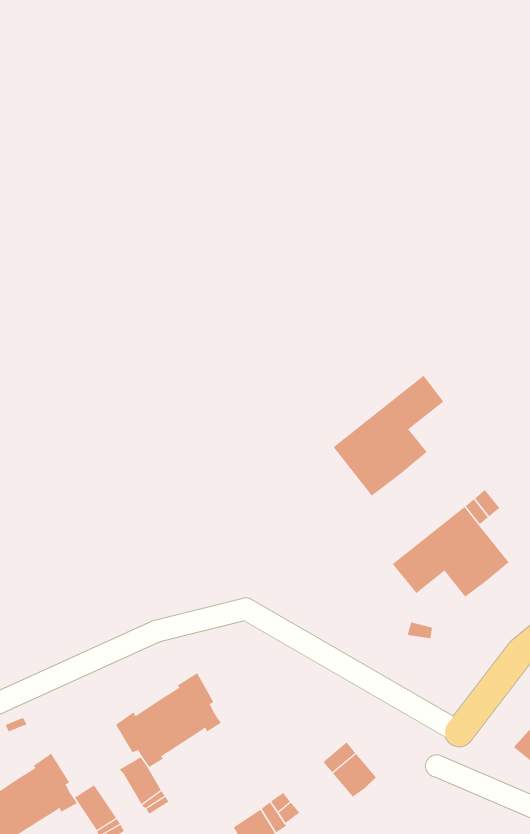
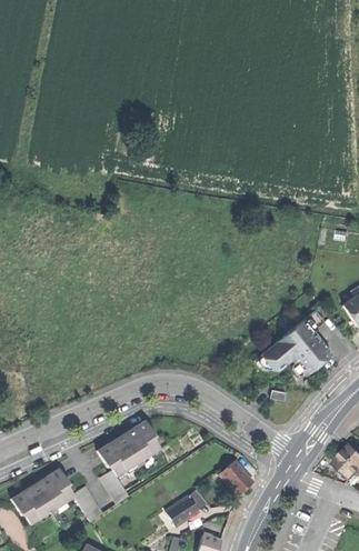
building: [333,375,444,497] -> none

